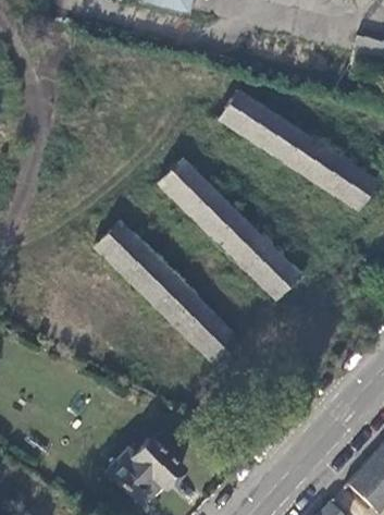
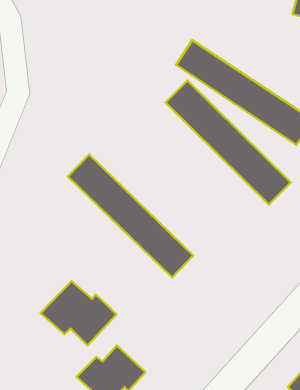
building: [157,157,299,298] -> [165,81,291,205]
building: none -> [41,281,117,345]

